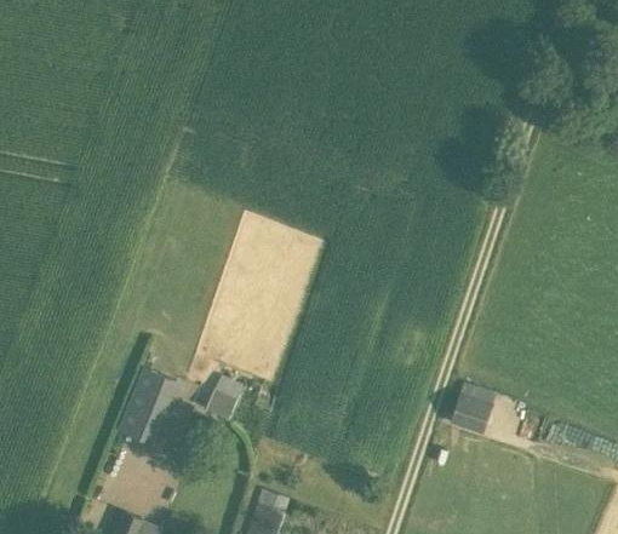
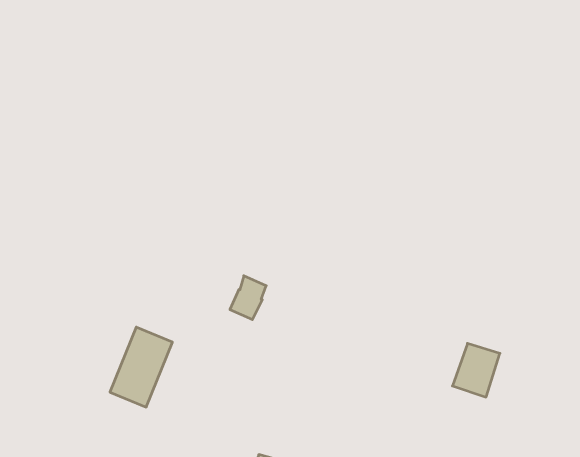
building: [206,377,241,419] -> [230,276,266,320]

